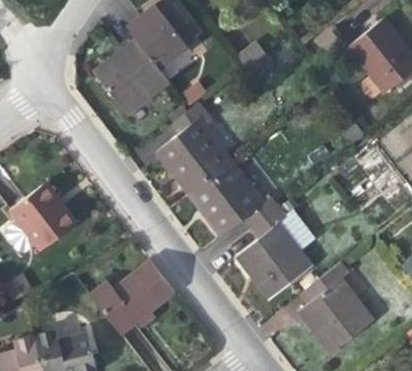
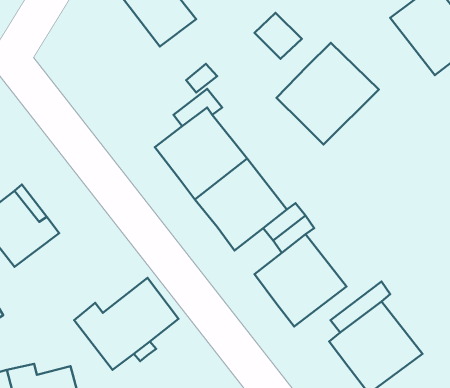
building: [95,38,169,112] -> none
building: none -> [277,43,379,145]

